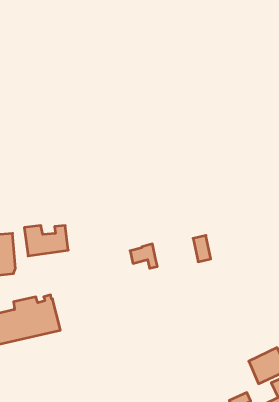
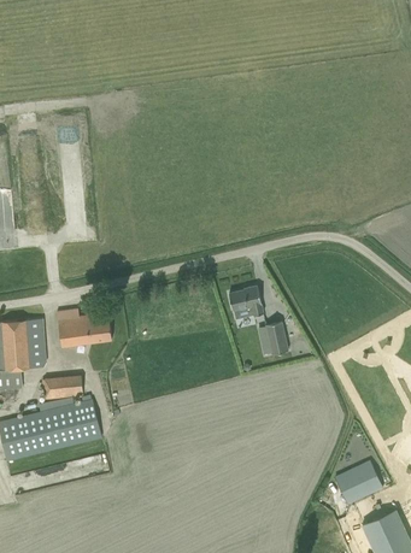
building: [130,244,157,268] -> [229,286,263,316]
building: none -> [45,376,82,398]

